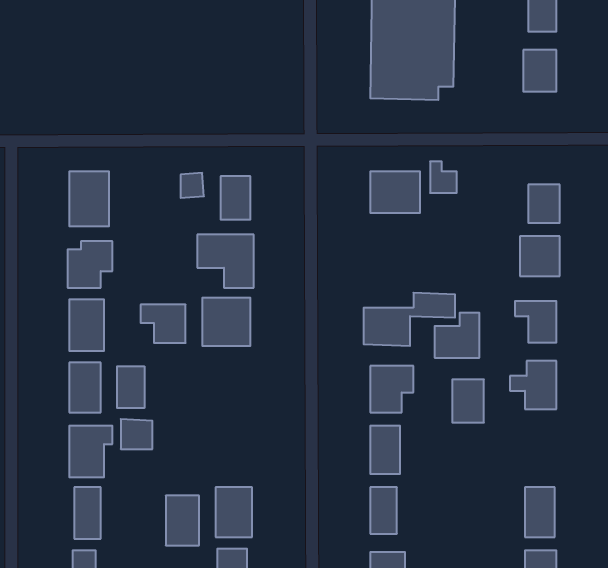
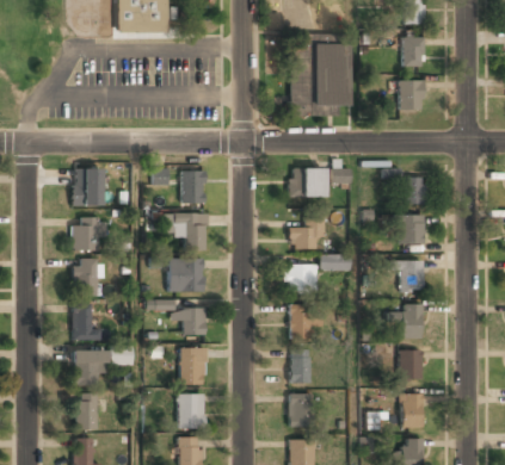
building: [141,305,186,343] -> [174,309,207,336]
building: [435,313,479,358] -> [290,218,322,250]
building: [117,366,144,408] -> none
building: [452,379,484,423] -> [400,349,423,380]
building: [166,496,199,545] -> [181,349,205,385]

